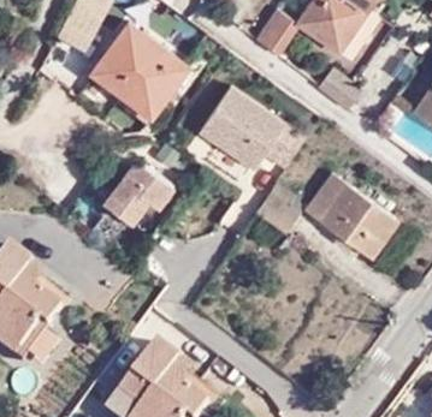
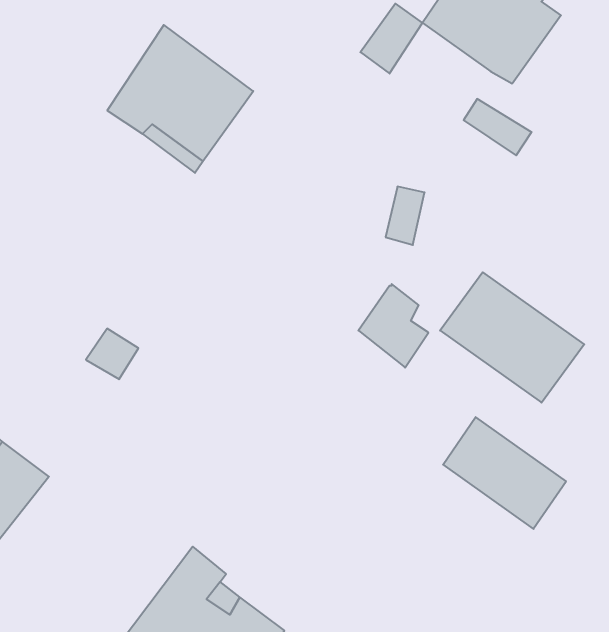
building: [191,78,280,179] -> none
building: [93,149,166,224] -> none
building: none -> [443,417,566,529]

